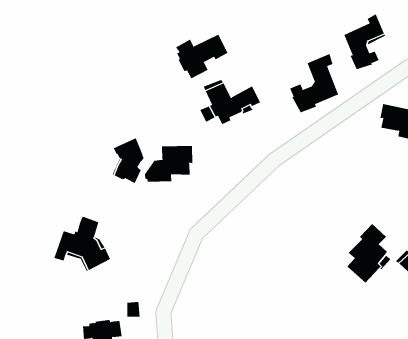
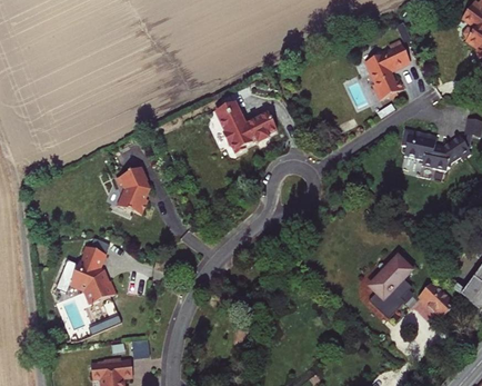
building: [175,34,228,79] -> none
building: [289,53,339,113] -> none
building: [144,145,193,183] -> none

